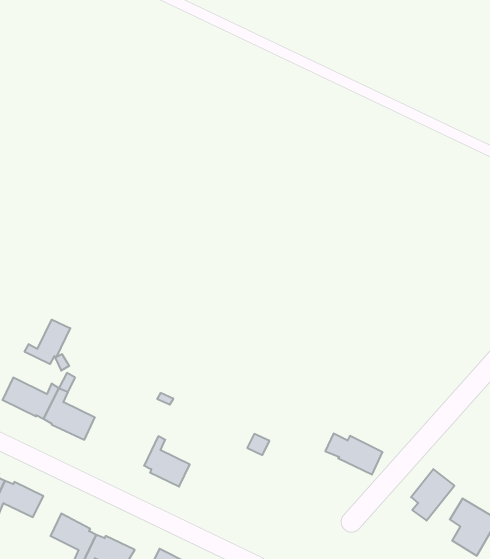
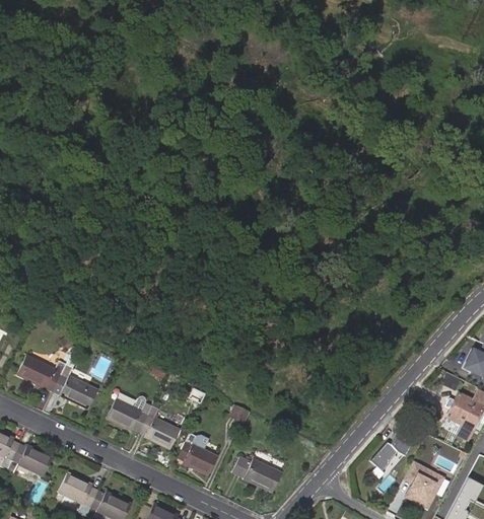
building: [25,320,70,364] -> none
building: none -> [107,395,152,431]
building: [325,434,383,475] -> [232,456,282,492]
building: none -> [178,425,218,475]

